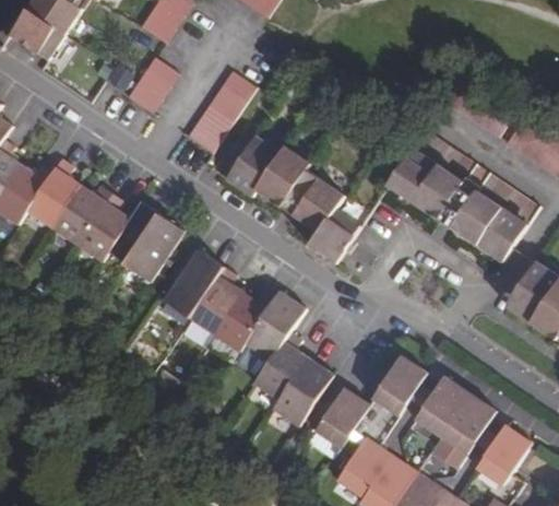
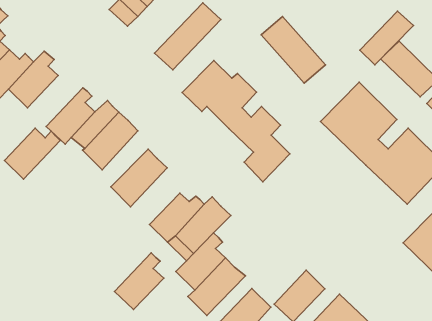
building: none -> [360,11,413,65]
building: none -> [261,17,326,83]
building: [52,184,111,244] -> [5,128,60,179]
building: [189,267,242,334] -> [114,253,164,309]

